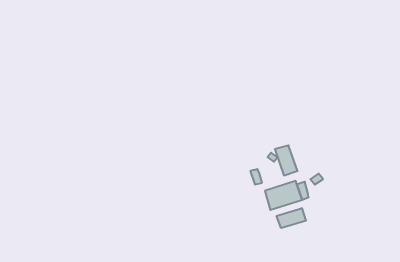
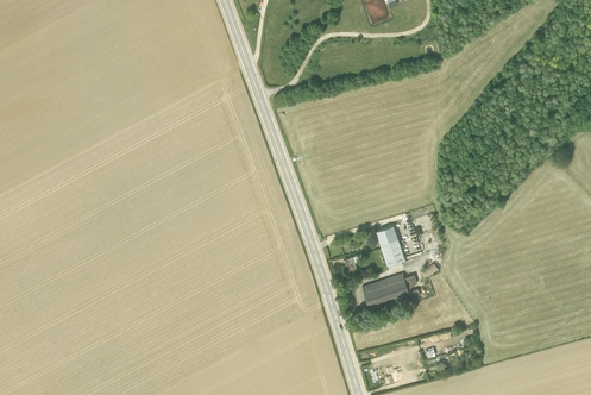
building: [277,208,306,228] -> none

